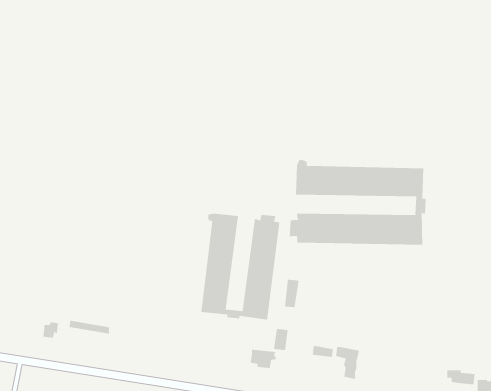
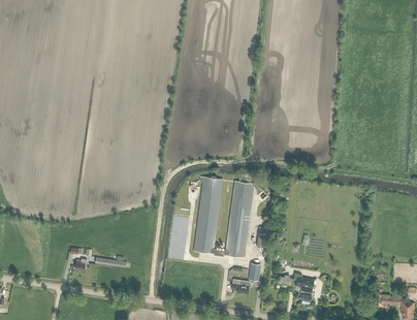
building: [289,159,426,246] -> none

